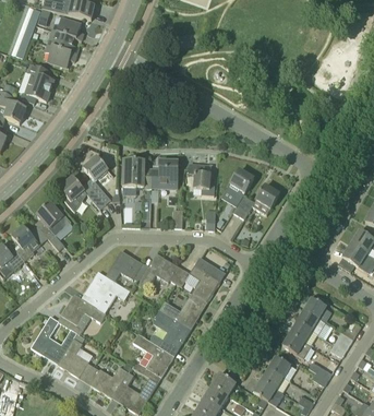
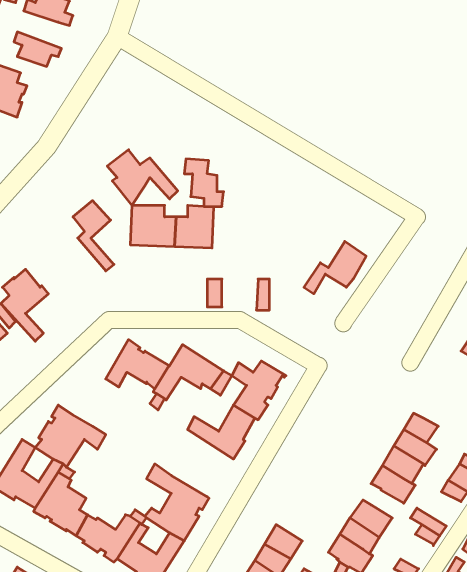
building: [47,29,80,55] -> none
building: [189,163,215,194] -> [184,159,224,206]
building: [221,168,254,214] -> none
building: [59,176,106,213] -> [107,150,178,205]
building: [84,271,130,307] -> none
building: [149,309,191,354] -> none

